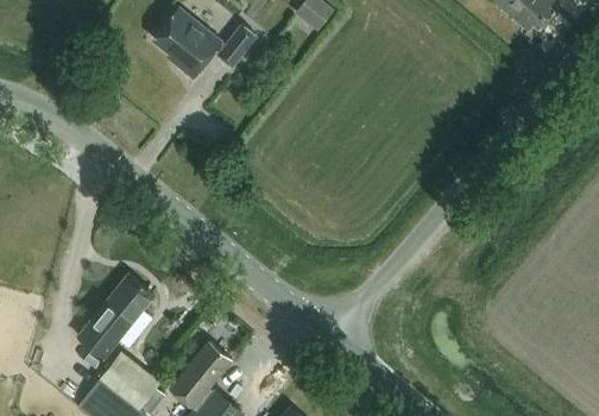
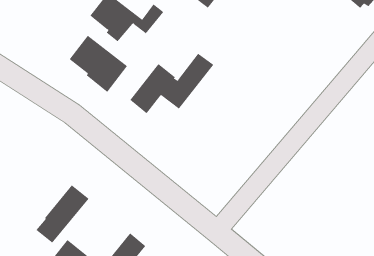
building: none -> [69,35,128,93]
building: none -> [129,53,214,114]

